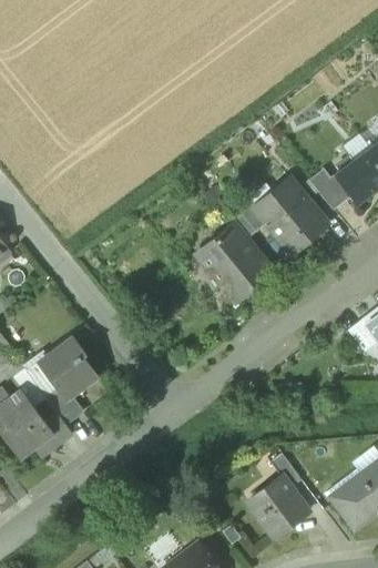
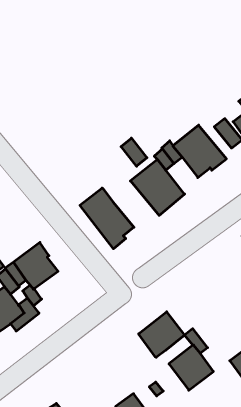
building: none -> [121,138,147,166]
building: none -> [80,188,134,249]
building: none -> [139,312,185,357]

